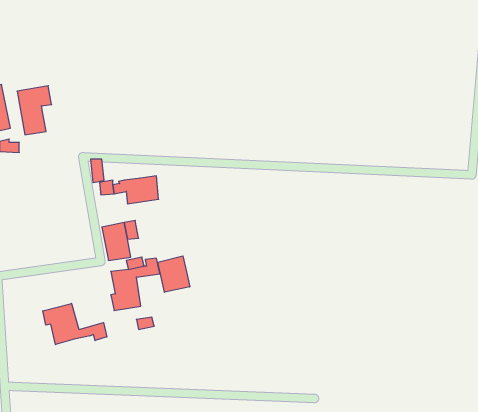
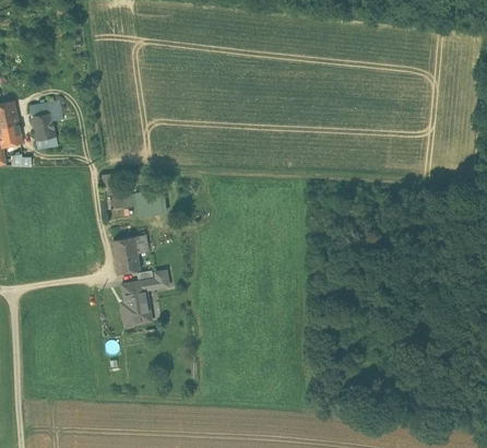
building: [158,256,190,292] -> none
building: [43,303,107,345] -> none

